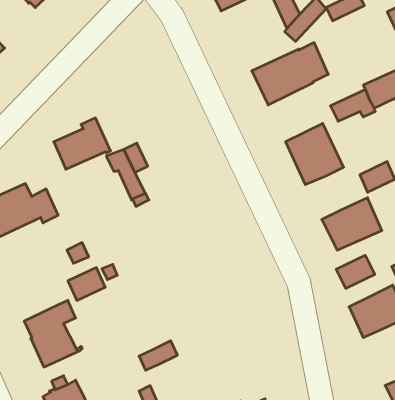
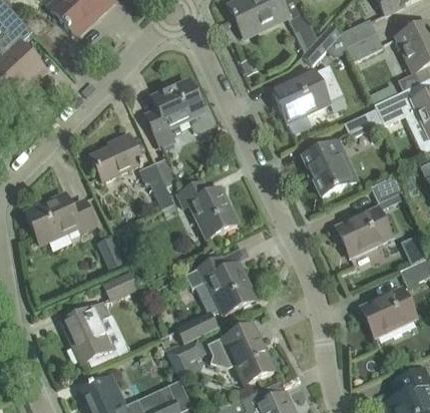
building: none -> [346,30,383,60]
building: none -> [145,79,216,145]
building: none -> [177,180,237,239]
building: none -> [175,257,255,343]
building: [336,255,375,288] -> none
building: none -> [207,324,273,383]

